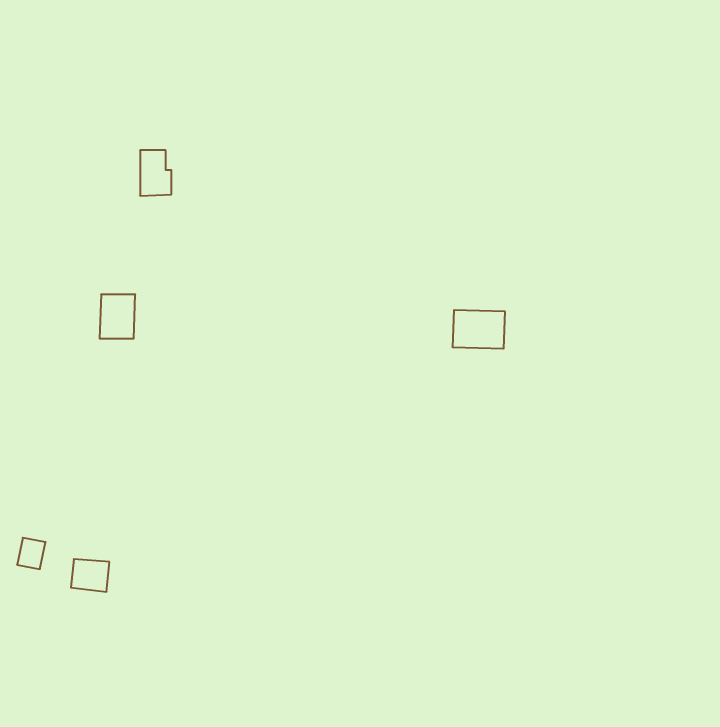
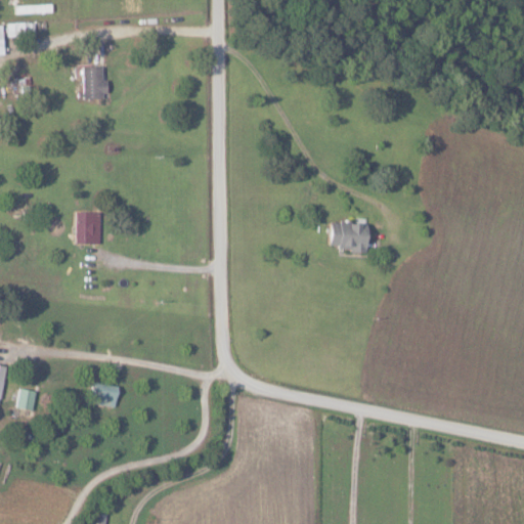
building: [140,150,171,196] -> [85,67,107,99]
building: [71,559,109,592] -> [91,382,119,405]

